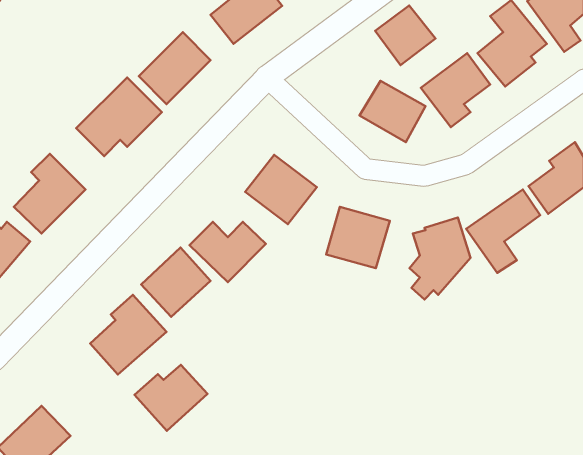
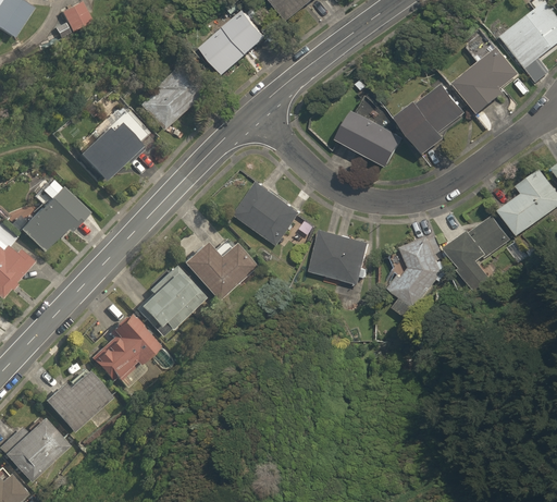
building: [375,6,435,65] -> none
building: [135,365,207,431] -> [41,371,110,433]

